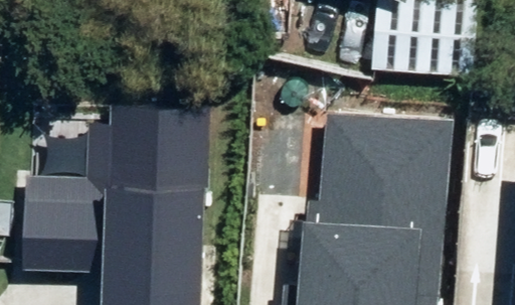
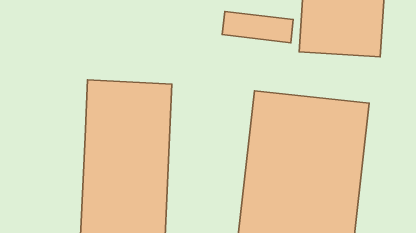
building: [14,165,110,281] -> none

